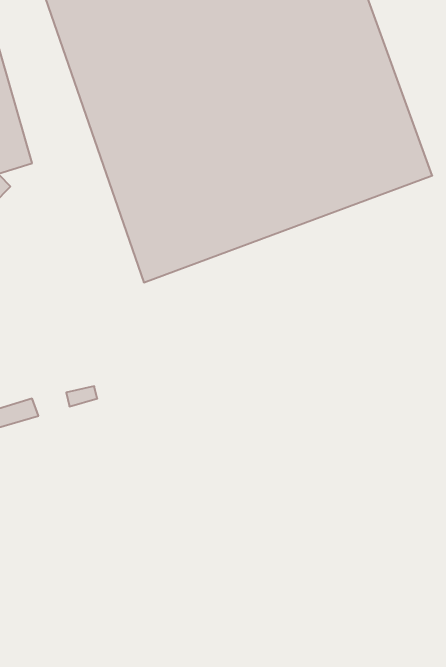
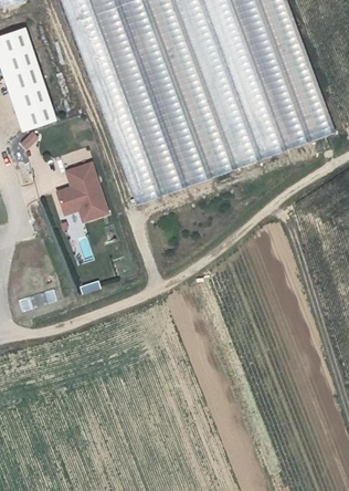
building: none -> [52,158,109,223]

